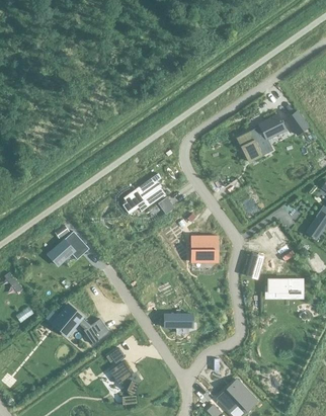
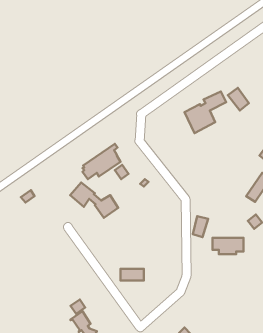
building: [51,232,89,263] -> none
building: [191,236,217,261] -> none
building: [56,305,109,344] -> [70,182,118,218]

